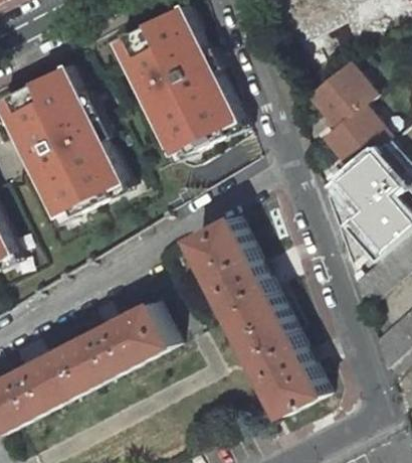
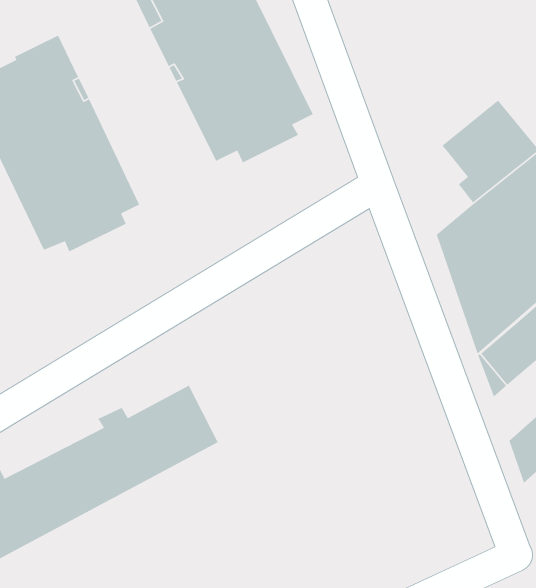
building: [307,64,374,136] -> none
building: [196,224,328,422] -> none

